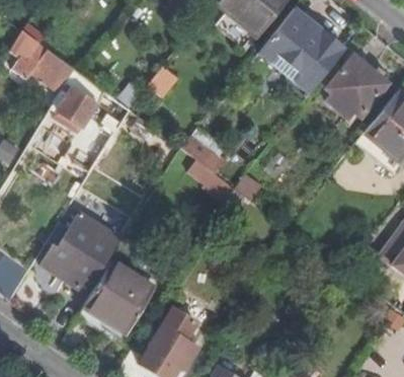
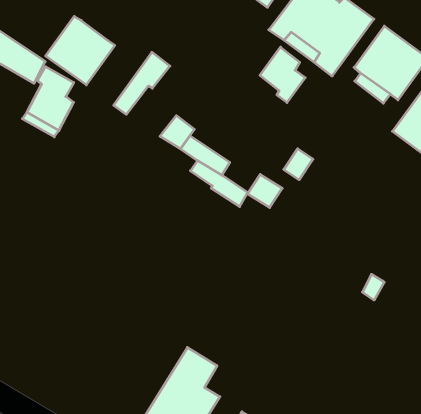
building: none -> [46,16,115,85]
building: none -> [260,47,305,103]
building: [41,210,120,288] -> none
building: [84,259,157,331] -> none

